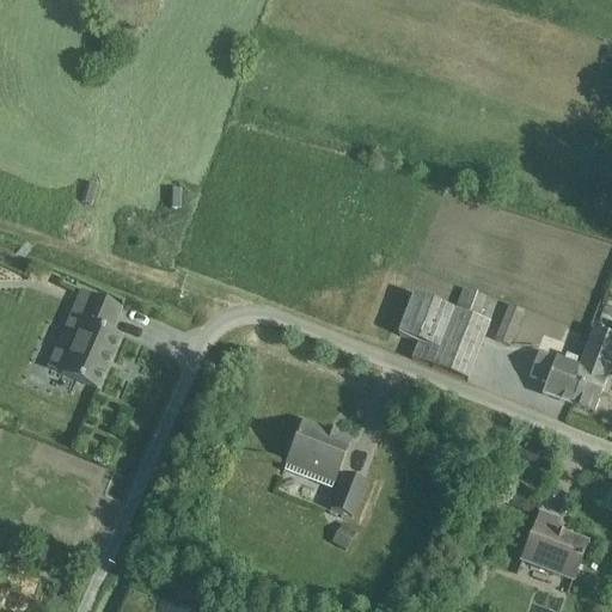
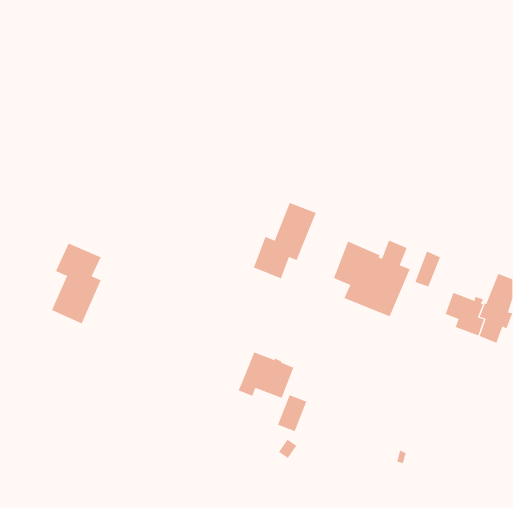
building: none -> [253,202,316,279]
building: [521,510,587,577] -> none

